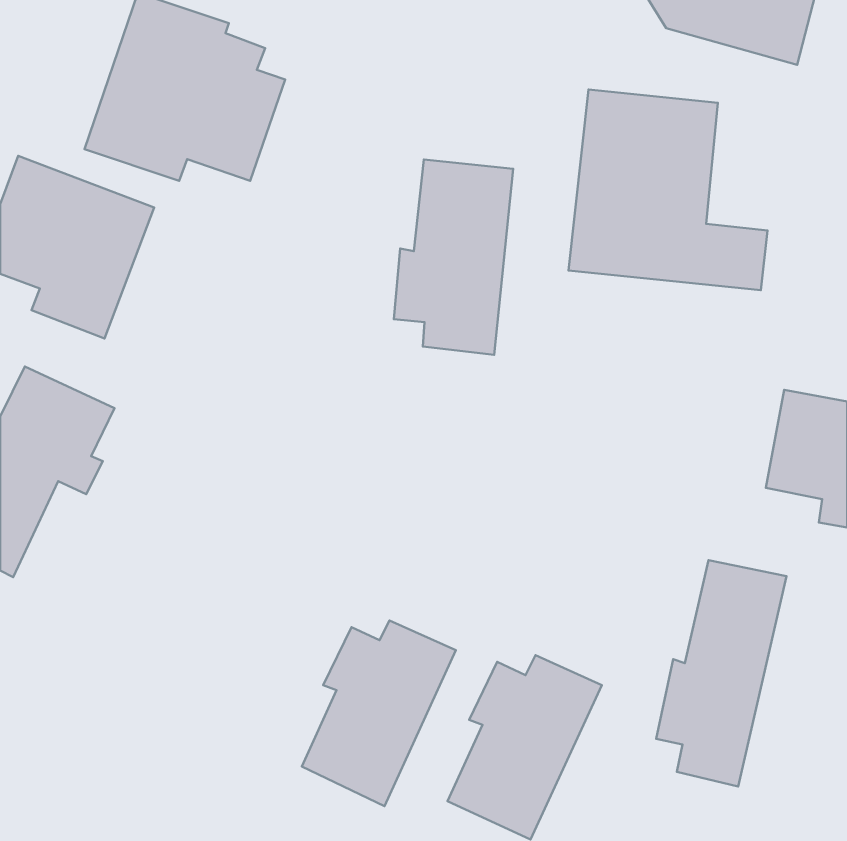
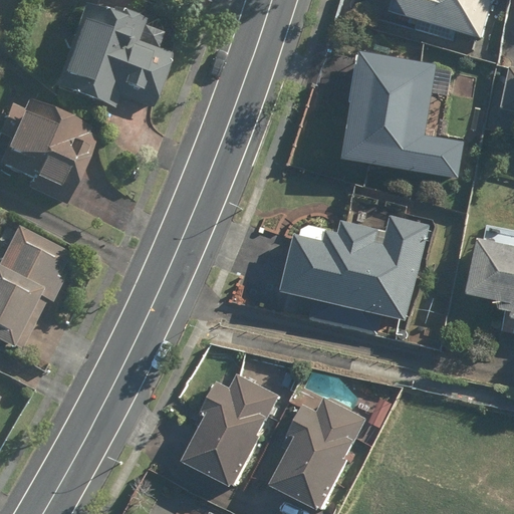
building: [394,159,513,355] -> none
building: none -> [278,214,430,332]
building: [656,560,787,787] -> none

